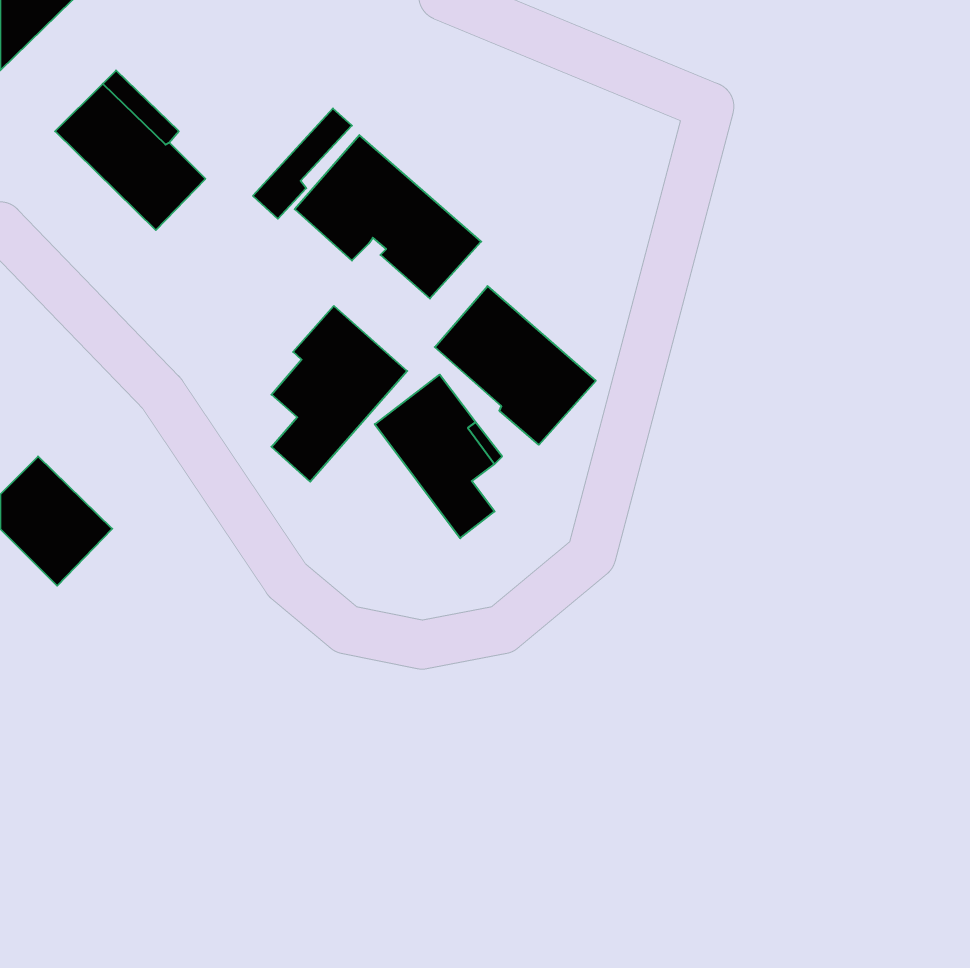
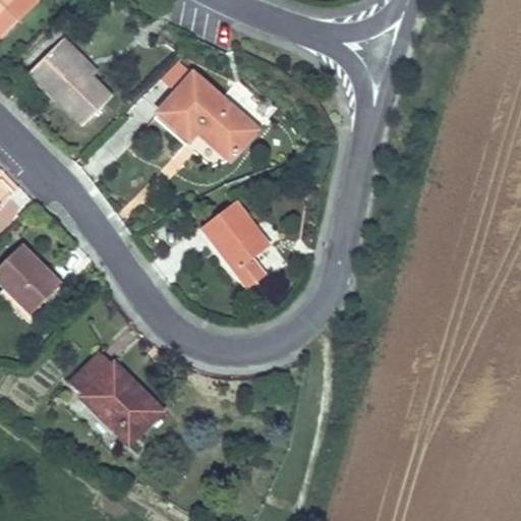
building: [435,286,596,445] -> none
building: [271,306,407,482] -> none
building: none -> [69,351,162,444]

